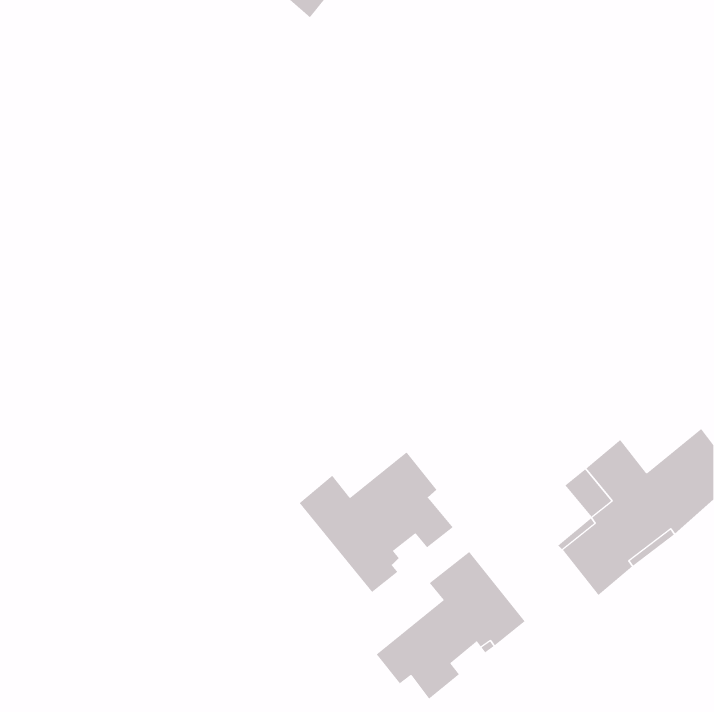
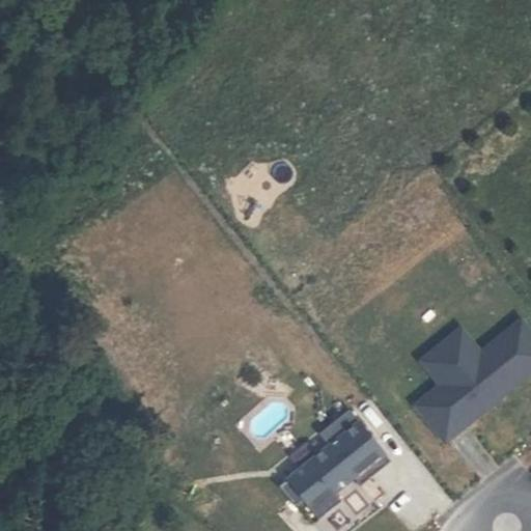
building: [299,452,453,593] -> none

